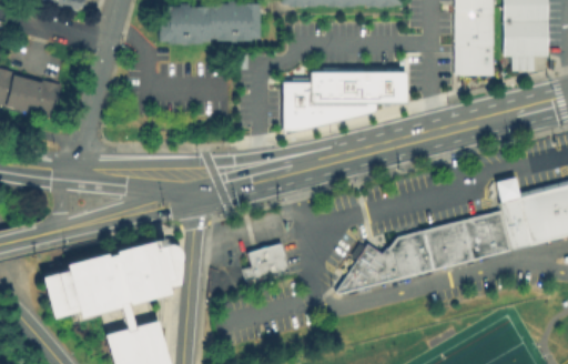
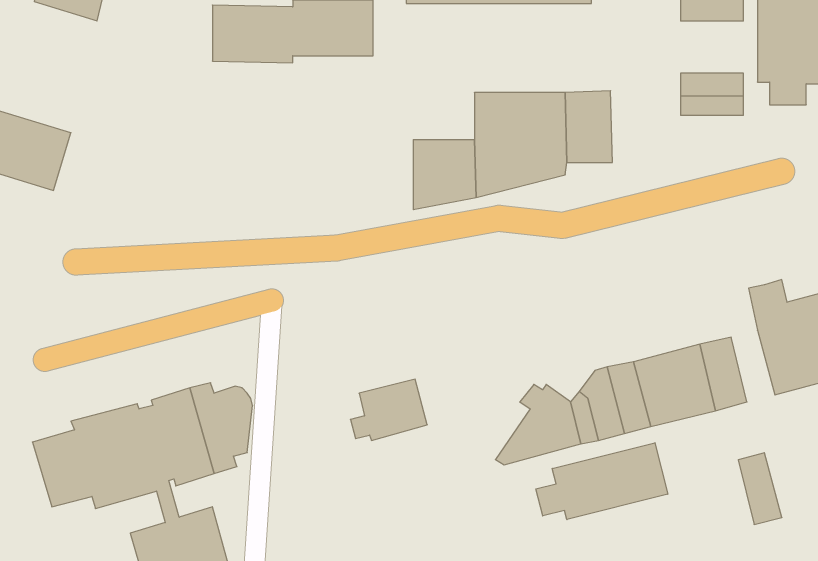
building: [454,14,494,48] -> none
building: [486,211,514,256] -> [738,453,782,524]
building: none -> [536,443,668,520]

